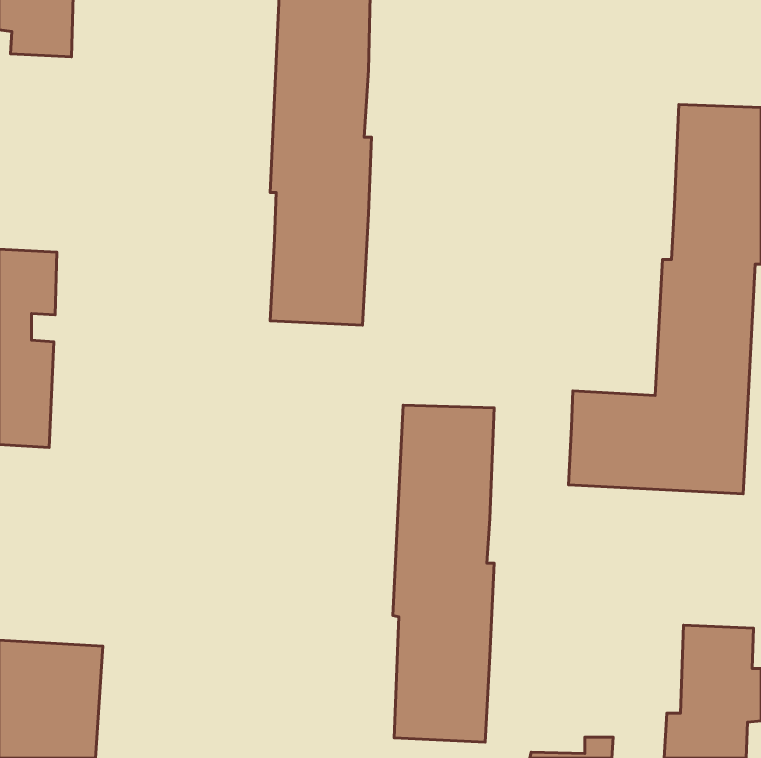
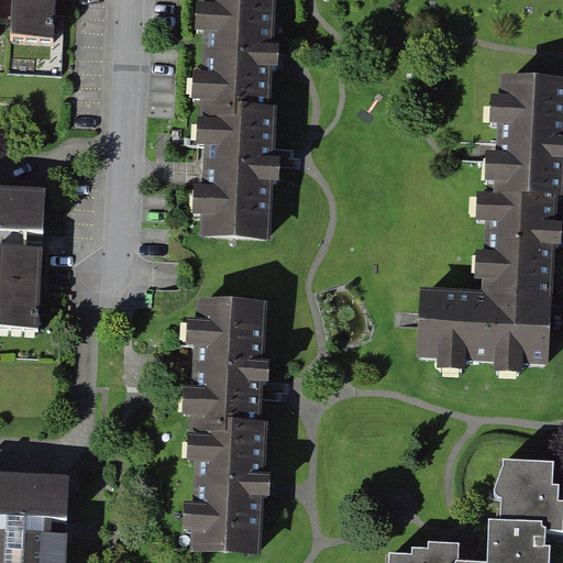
building: [393,405,494,742] -> [189,303,264,552]

